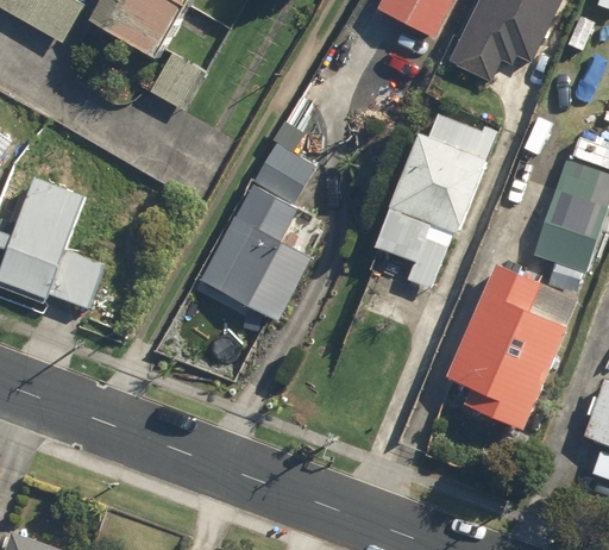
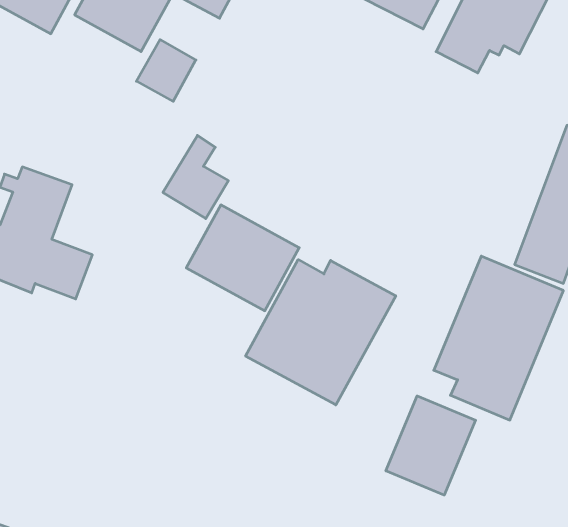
building: [371,112,496,290] -> none
building: [252,120,318,204] -> [163,135,228,219]
building: none -> [246,260,396,405]
building: none -> [386,396,476,495]

